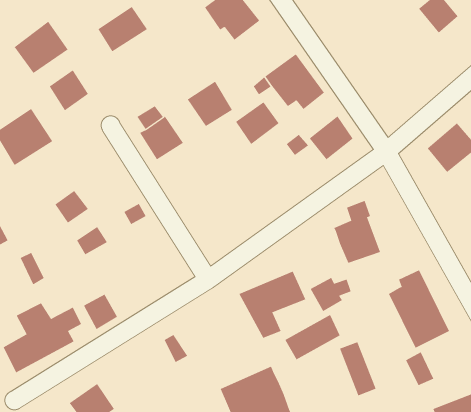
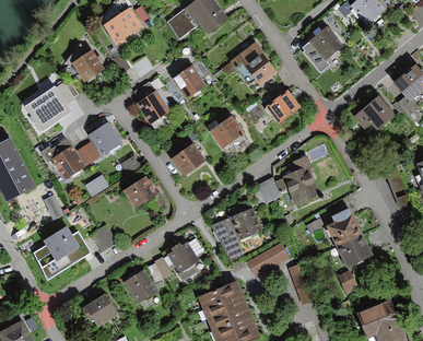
building: none -> [167,7,197,37]
building: [14,21,69,74] -> none
building: none -> [302,25,342,71]
building: [235,102,280,145] -> [209,115,243,148]
building: none -> [83,126,118,160]
building: none -> [166,148,201,179]
building: none -> [47,150,81,185]
building: none -> [118,179,152,212]
building: [310,277,352,312] -> [256,175,287,201]
building: none -> [167,240,199,279]
building: none -> [124,268,157,303]

